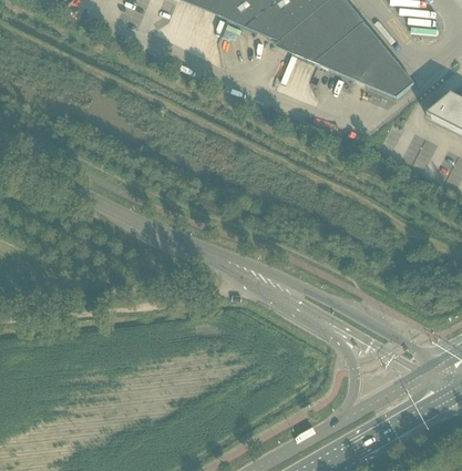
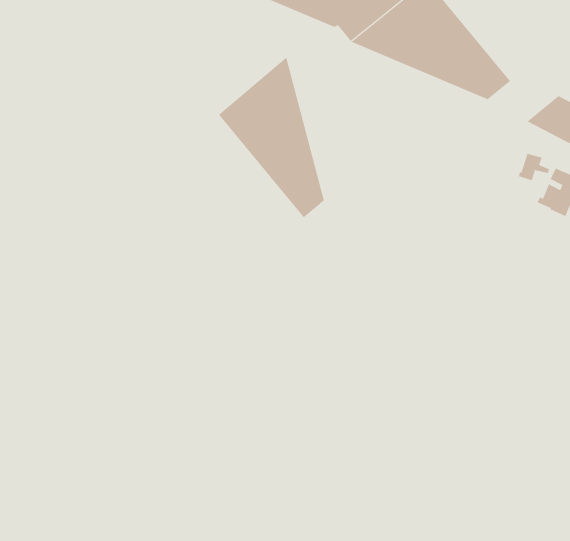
building: none -> [218,56,325,218]

